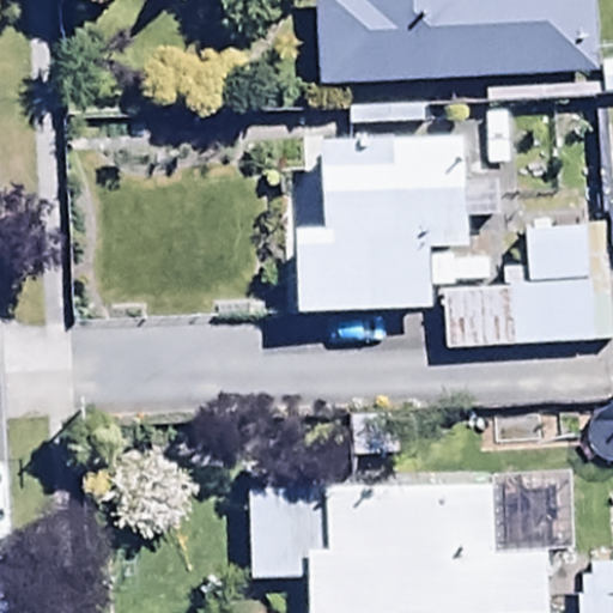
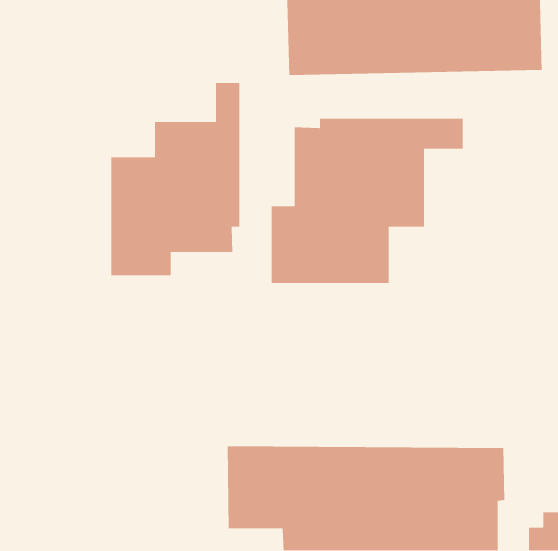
building: none -> [111,82,240,276]
building: [445,224,597,347] -> none

